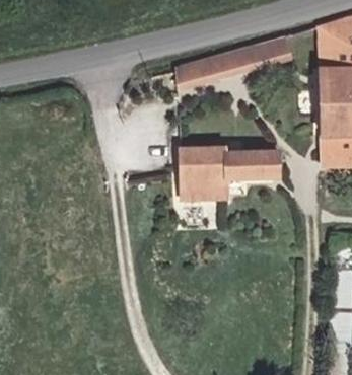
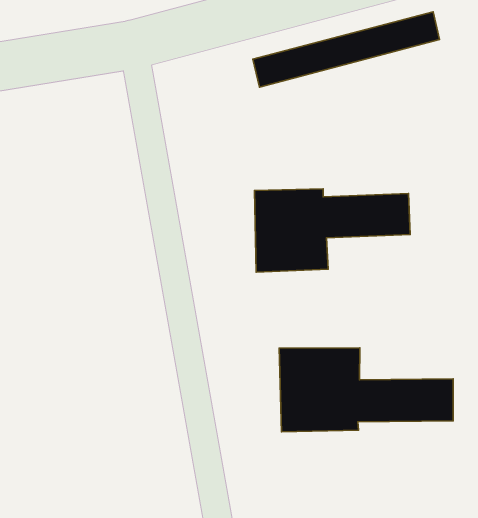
building: none -> [279,348,453,432]

